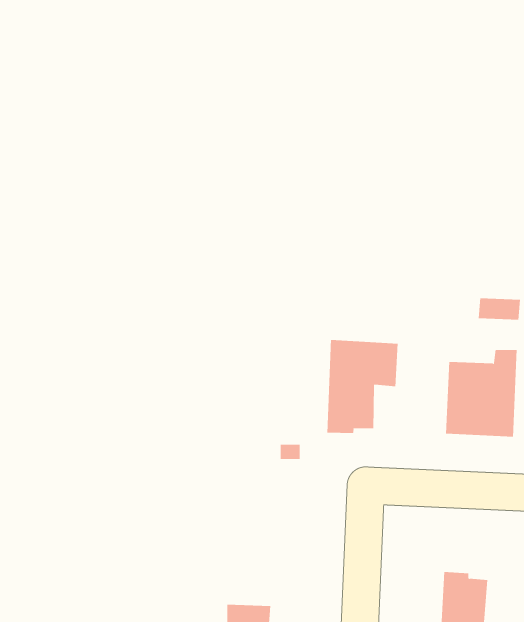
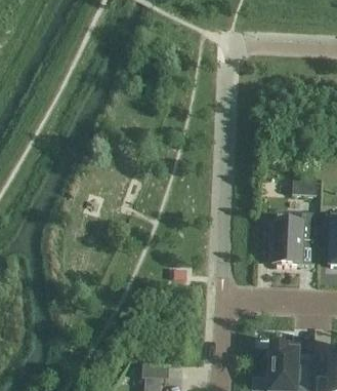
building: [327,339,398,434] -> none

